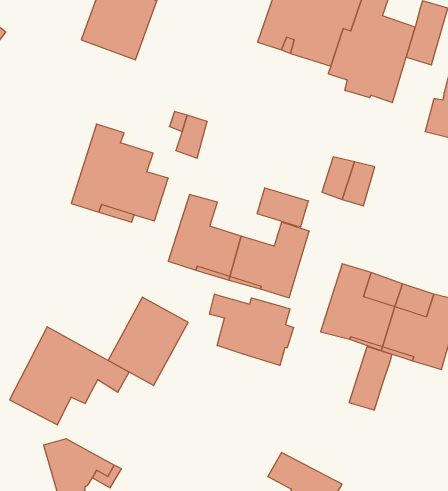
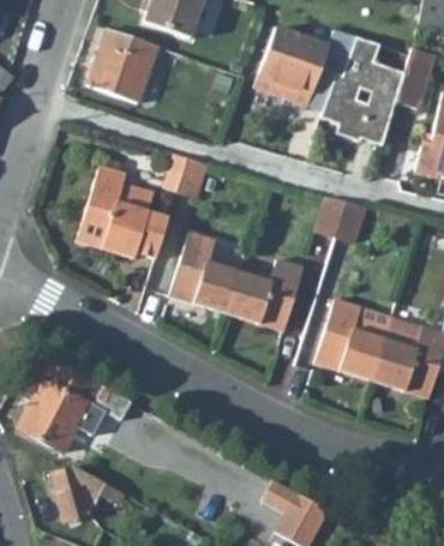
building: [257,188,308,227] -> none
building: [210,294,294,365] -> none
building: [108,297,188,386] -> none
building: [349,347,392,410] -> none

